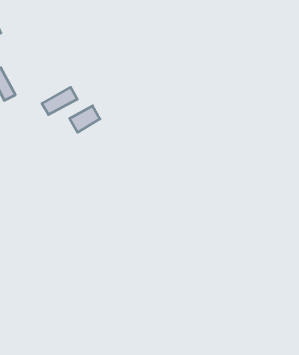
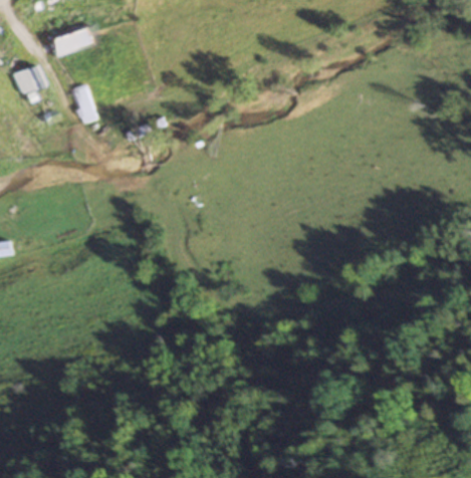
building: [70,106,100,132] -> none

